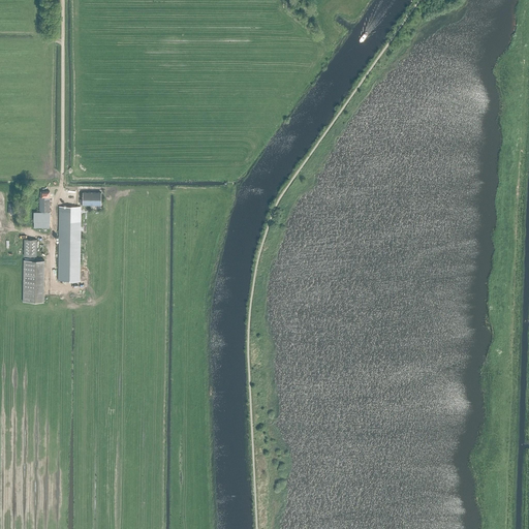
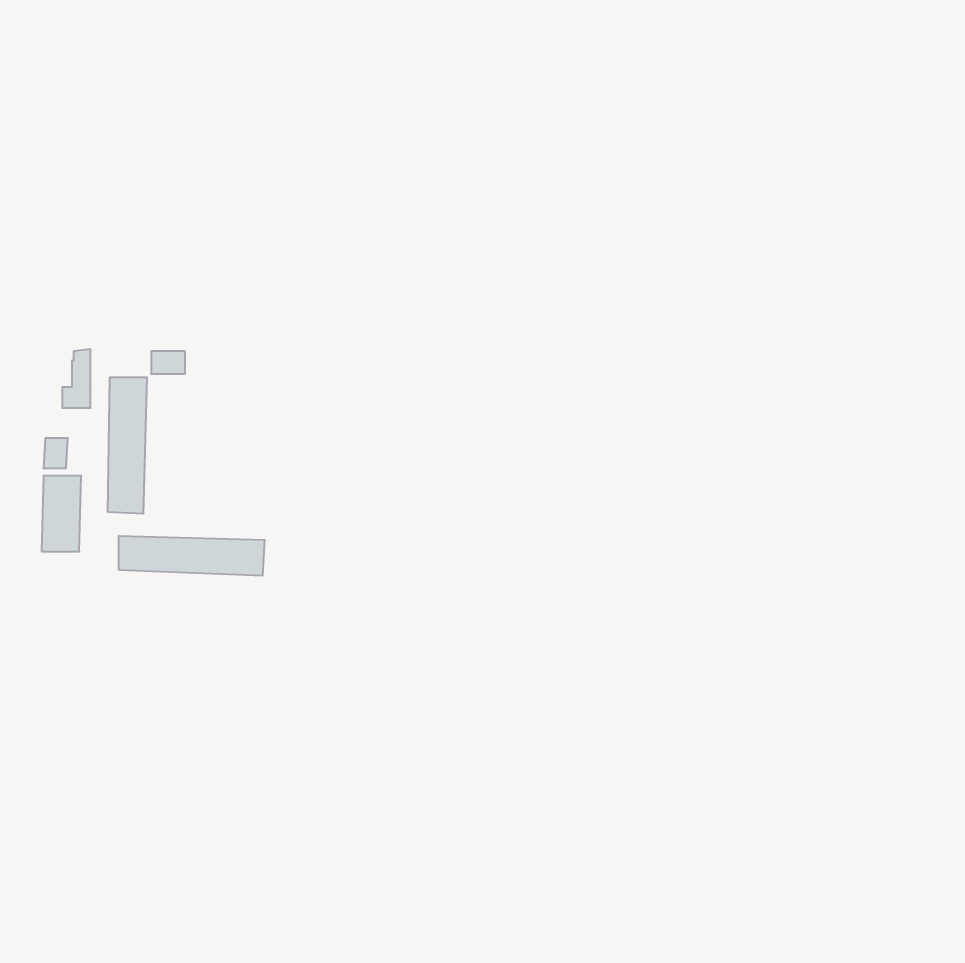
building: none -> [119,536,265,576]

